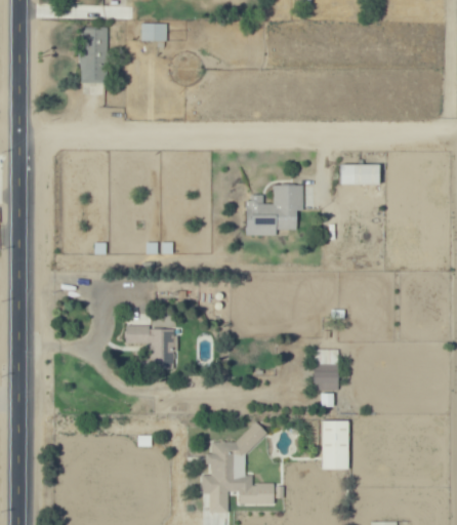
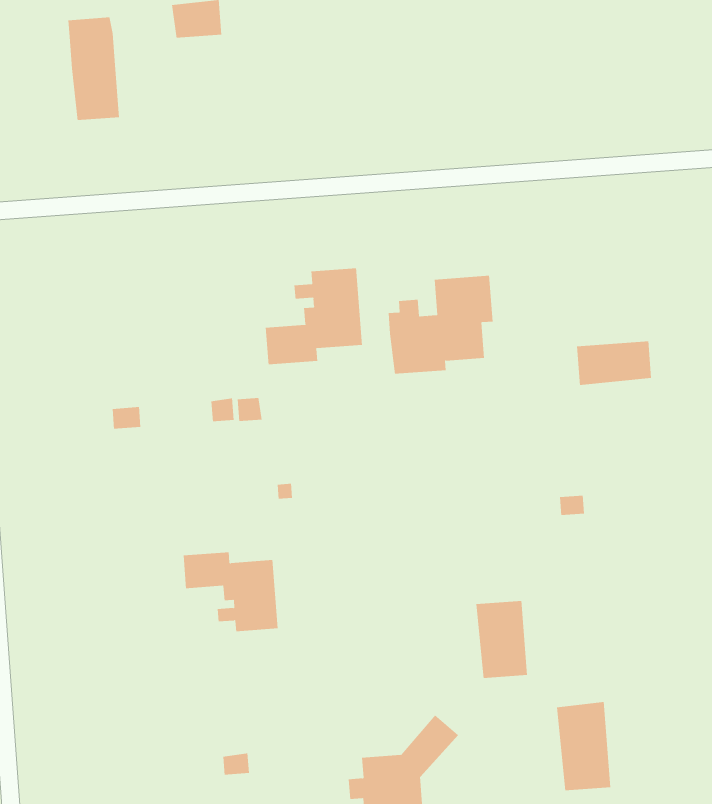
building: [340,164,380,186] -> [576,341,652,385]
building: none -> [265,267,362,365]
building: [314,349,339,390] -> [475,600,528,678]

